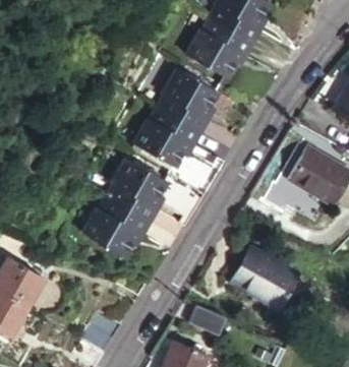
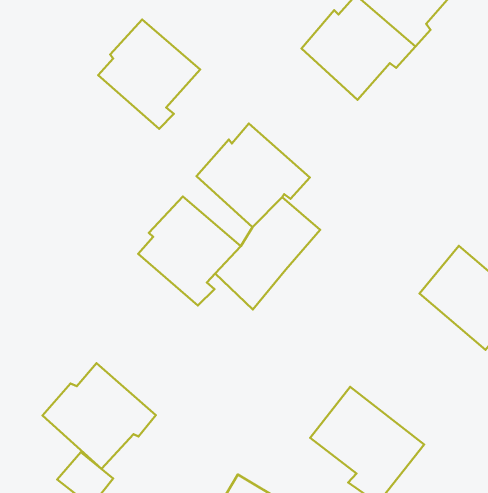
building: [167,63,226,125] -> [98,20,200,129]
building: [89,186,155,247] -> [42,363,156,469]

